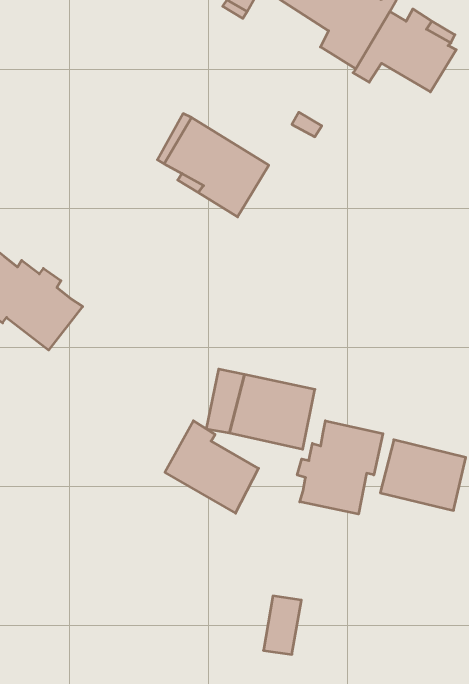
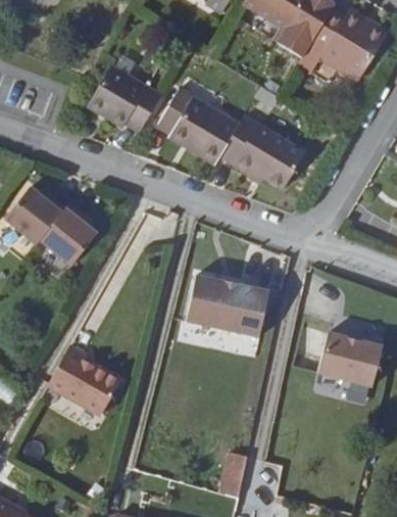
building: none -> [84,66,156,132]
building: none -> [217,114,300,187]
building: [297,421,383,514] -> none
building: [165,421,259,513] -> [49,343,119,413]

